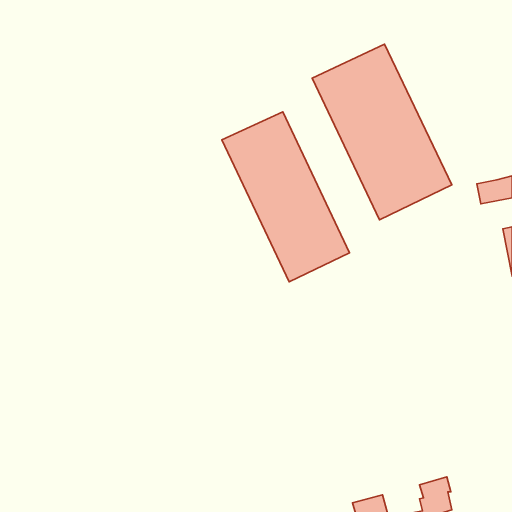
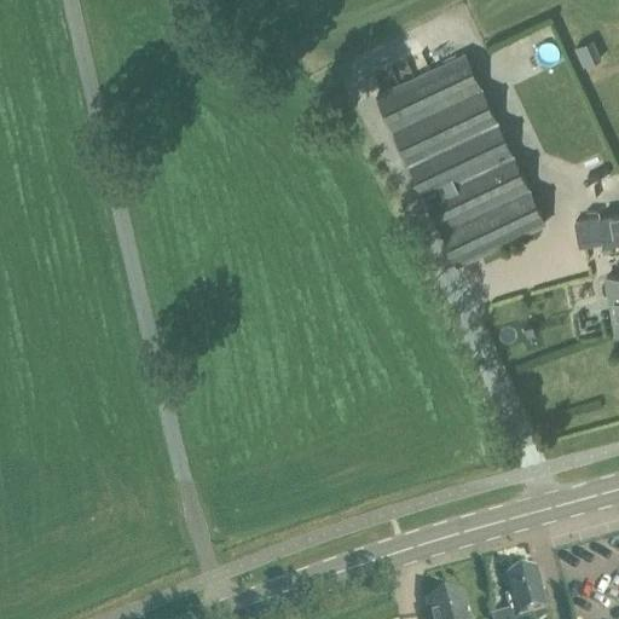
building: [222,112,349,282] -> none

